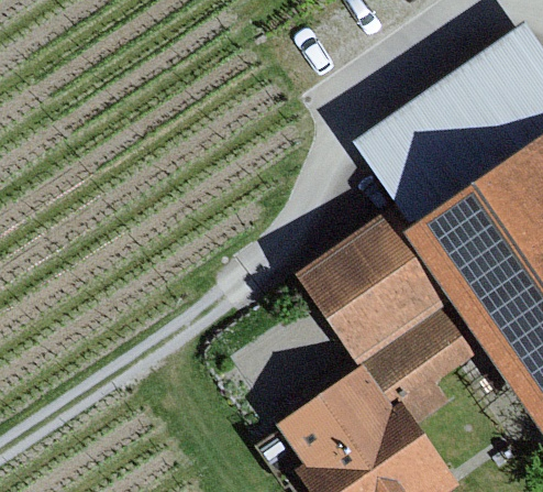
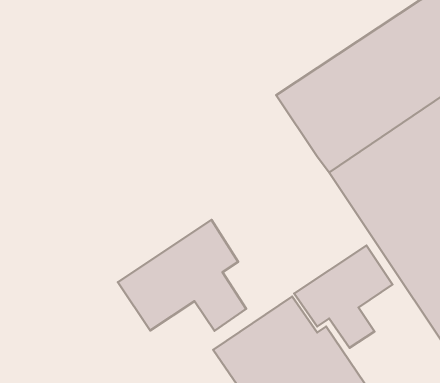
building: [299,210,450,358] -> none
building: none -> [118,220,246,331]

